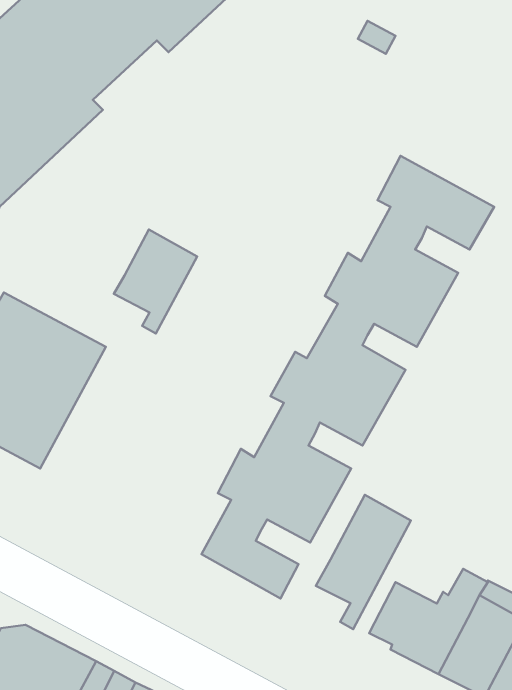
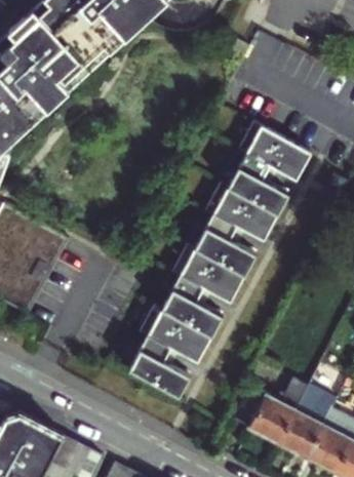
building: [114,229,197,333] -> none
building: [316,495,411,629] -> none

